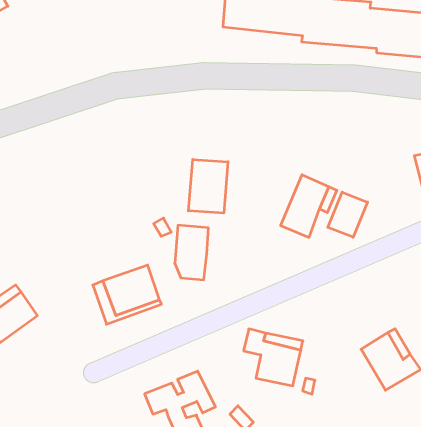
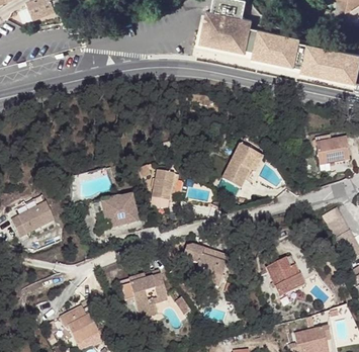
building: [188,159,228,213] -> none
building: [328,192,368,237] -> none

